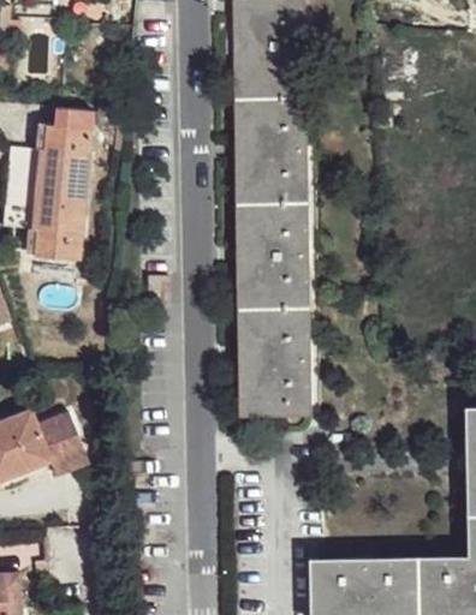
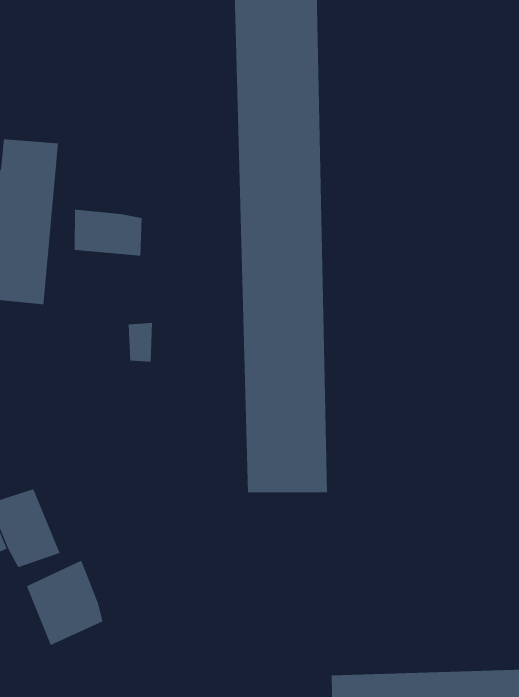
building: none -> [74,209,142,257]
building: none -> [26,560,103,646]

